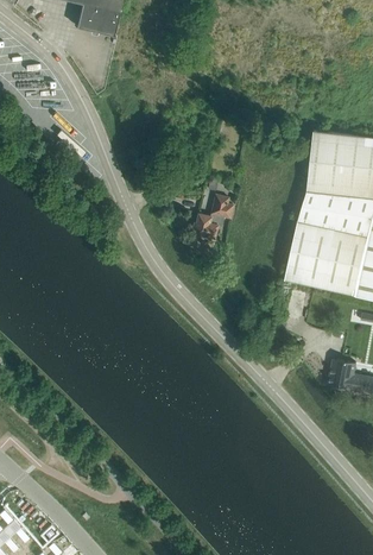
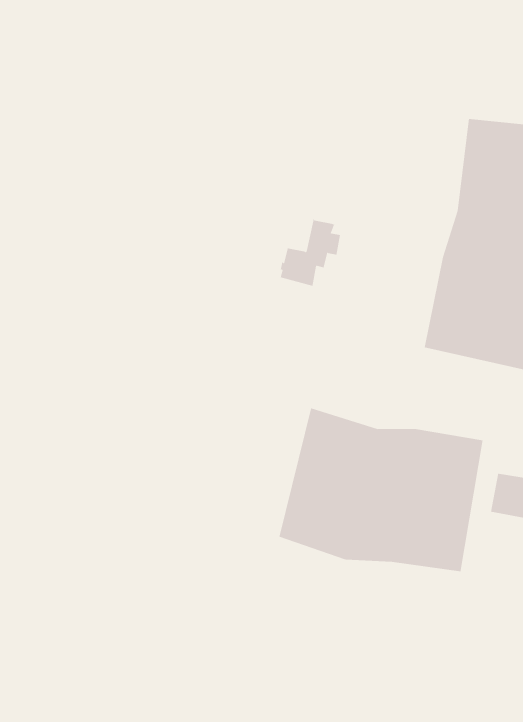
building: none -> [279,408,483,572]

